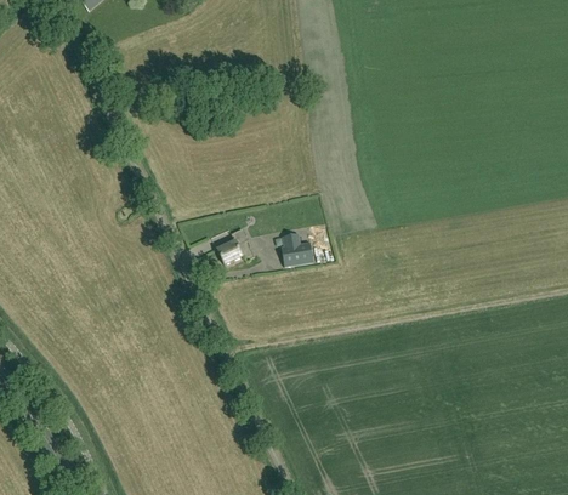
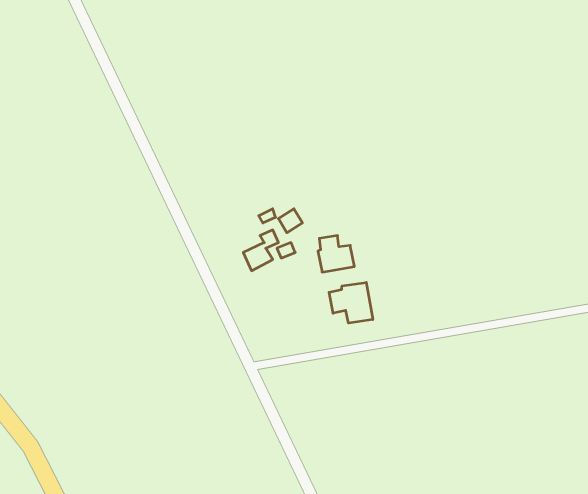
building: none -> [329,282,373,323]

